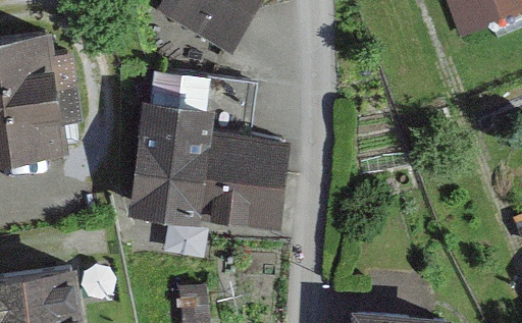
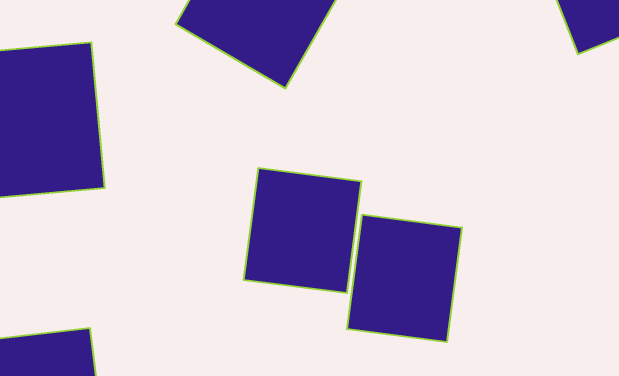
building: [126,95,212,218] -> none
building: none -> [347,215,462,342]

